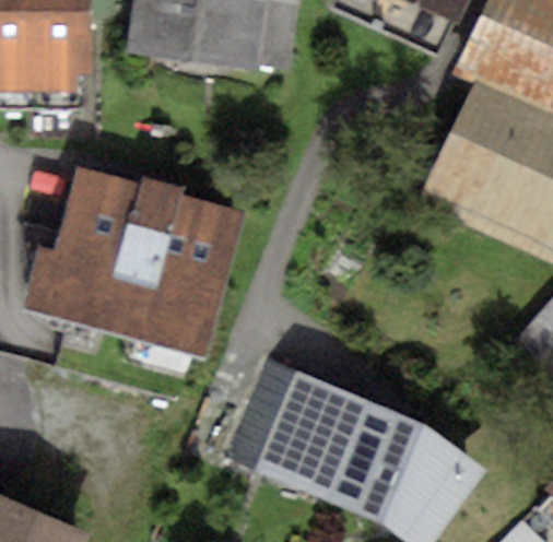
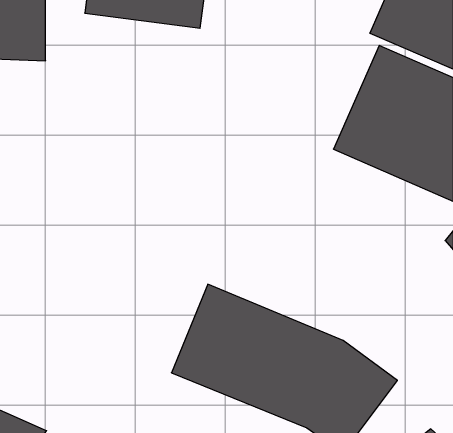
building: [58,172,232,329] -> none

